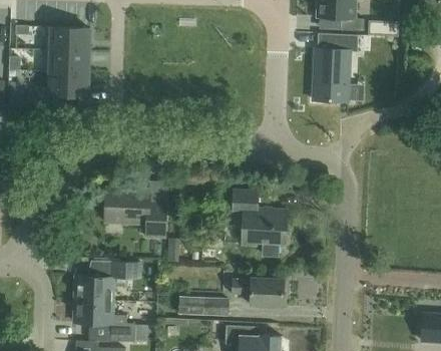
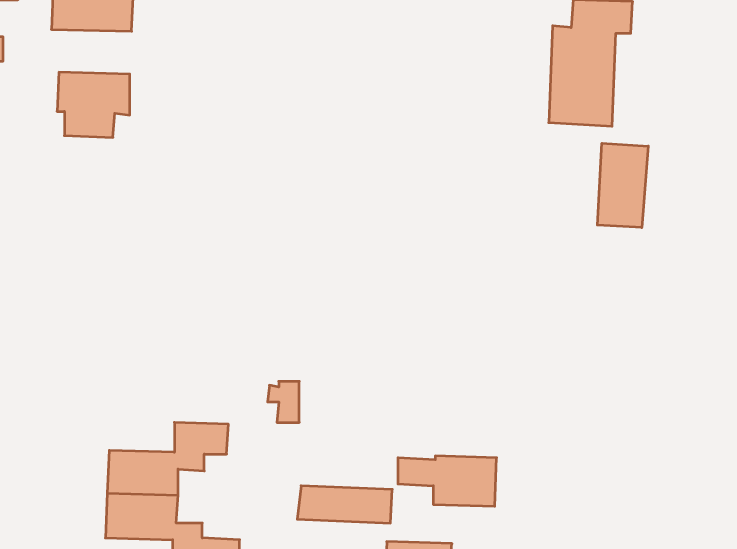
building: [44,49,88,73] -> none
building: none -> [597,143,648,228]
building: [104,187,165,236] -> none
building: [233,190,288,255] -> none

